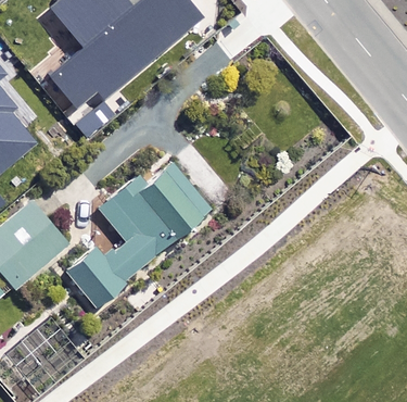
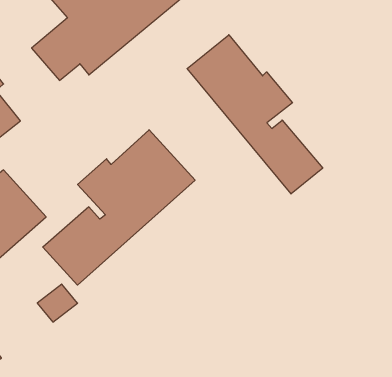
building: none -> [187,35,323,194]

